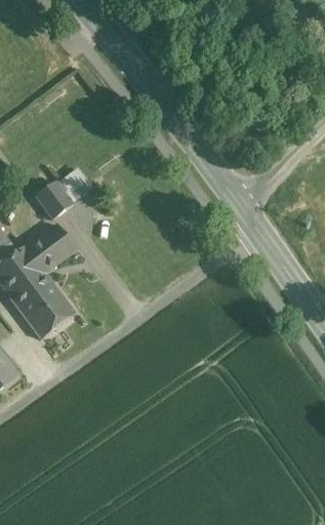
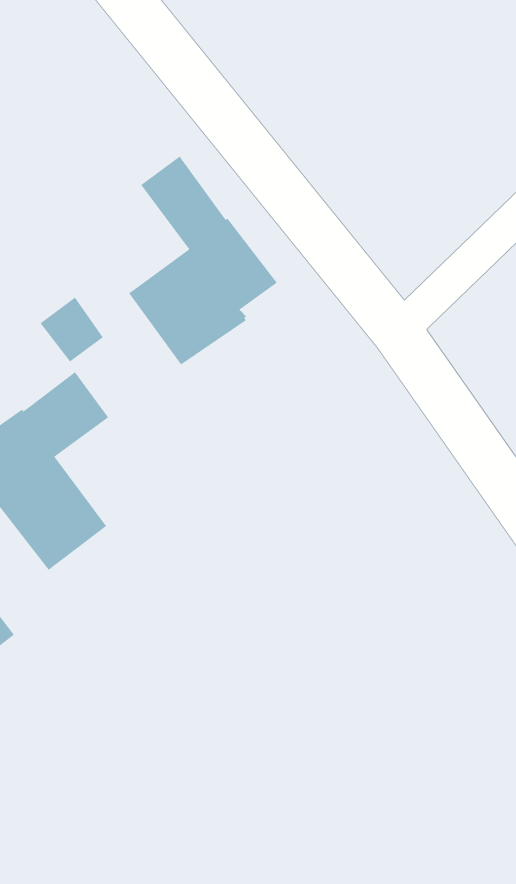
building: none -> [128,155,278,365]

